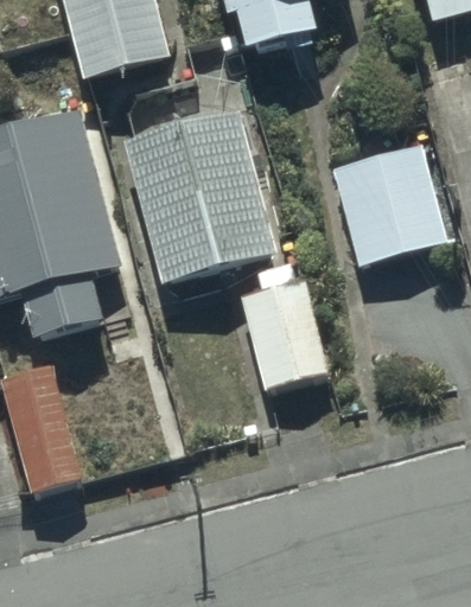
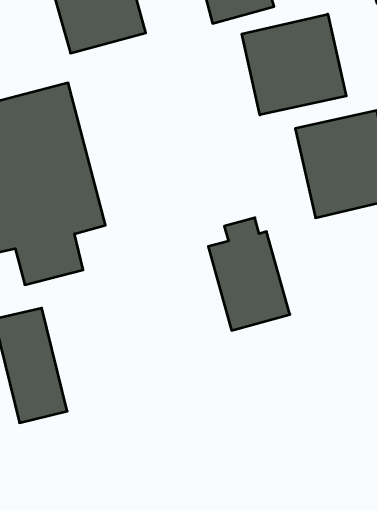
building: none -> [242,14,346,115]
building: [126,117,278,283] -> none

